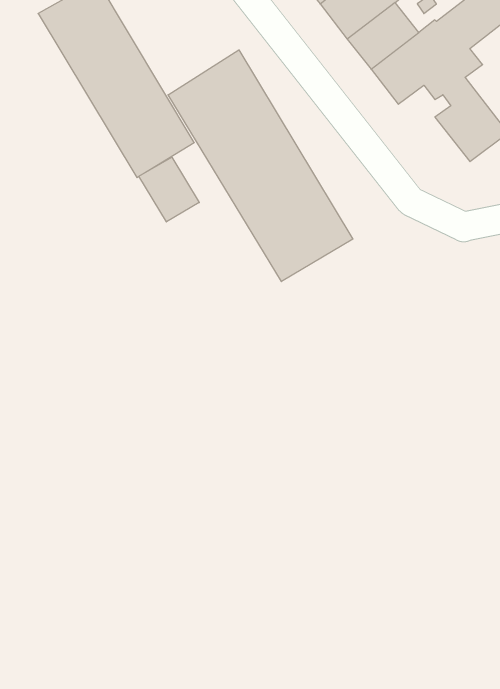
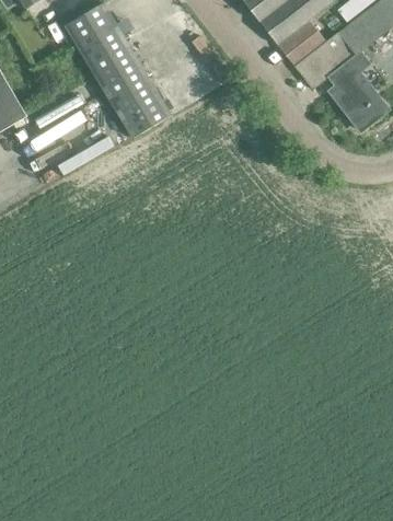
building: [168,50,353,282] -> none
building: [139,157,199,222] -> none

